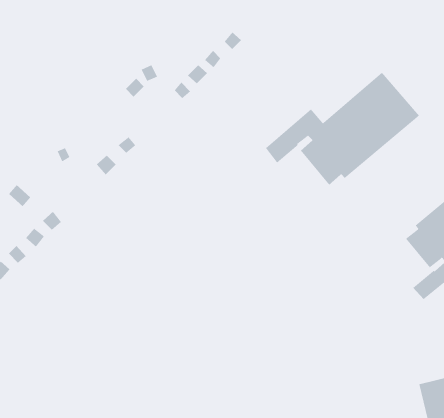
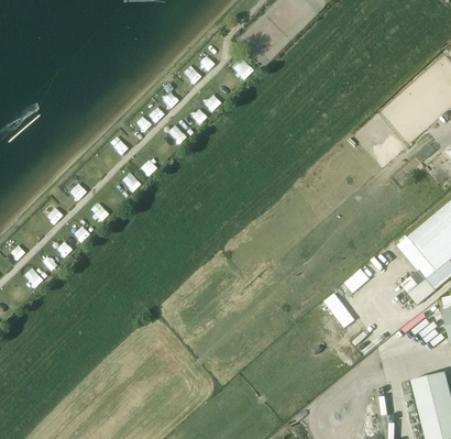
building: [265,72,420,185] -> none

